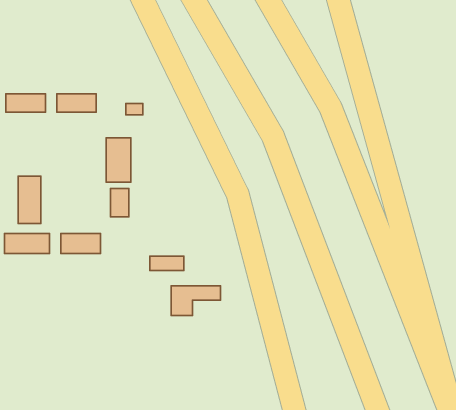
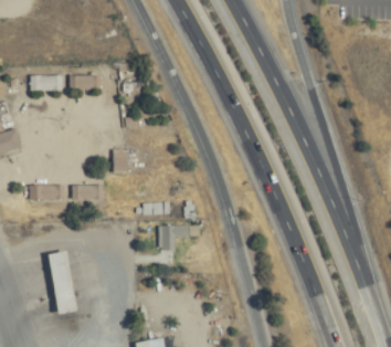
building: [106,138,131,182] -> none
building: [18,176,41,224] -> none
building: none -> [45,251,74,314]

